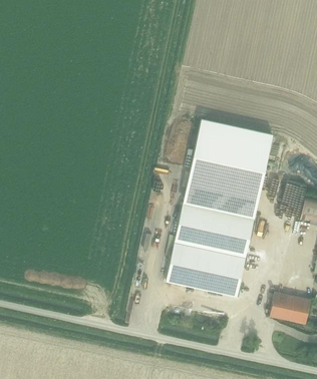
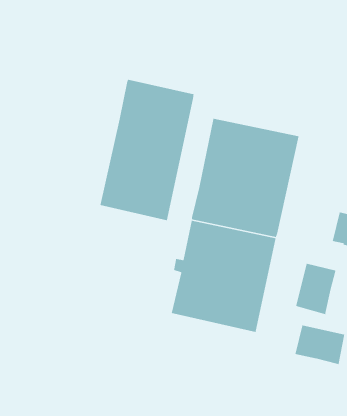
building: none -> [100,79,195,221]
building: none -> [295,263,337,315]

